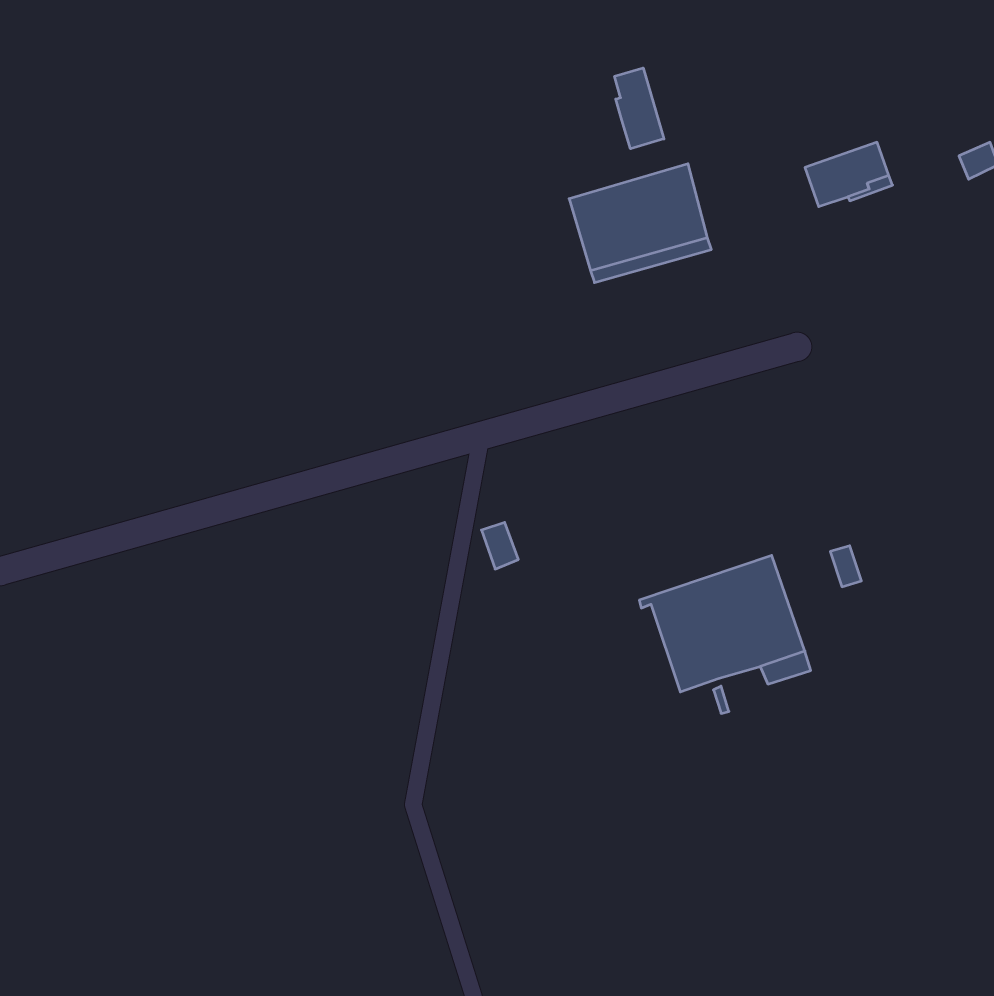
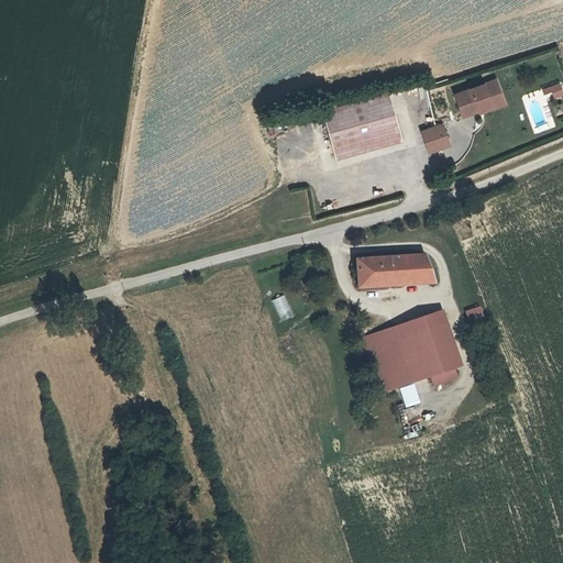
building: [615,68,664,149] -> none
building: none -> [420,121,452,153]
building: none -> [357,256,433,287]

